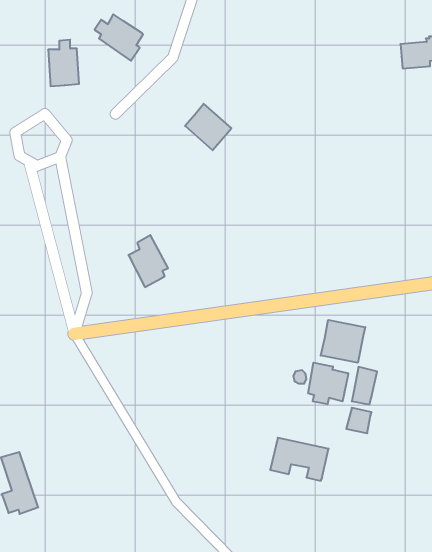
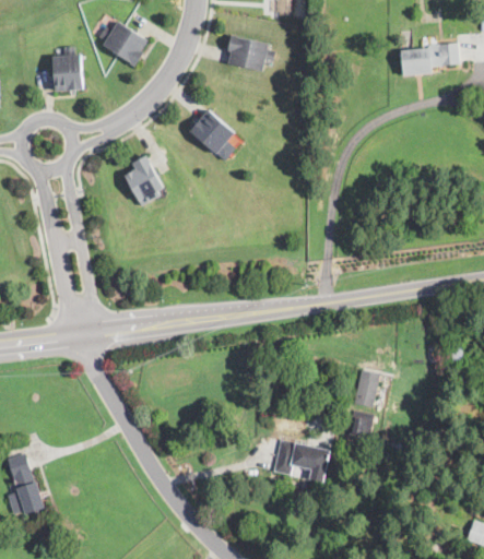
building: none -> [227,36,274,71]
building: [128,235,168,287] -> [123,155,163,206]
building: [321,320,365,363] -> none
building: [308,363,348,404] -> none

